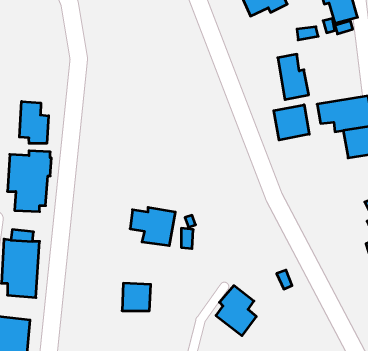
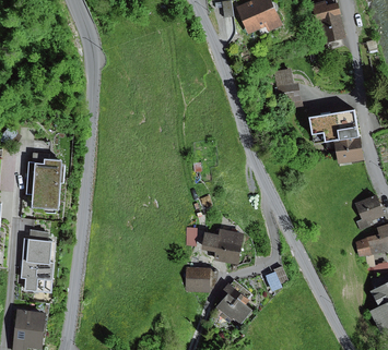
building: [19,101,49,143] -> none
building: [274,105,309,140] -> none
building: [130,207,175,246] -> [202,229,244,264]
building: [122,283,151,311] -> [185,267,211,292]

